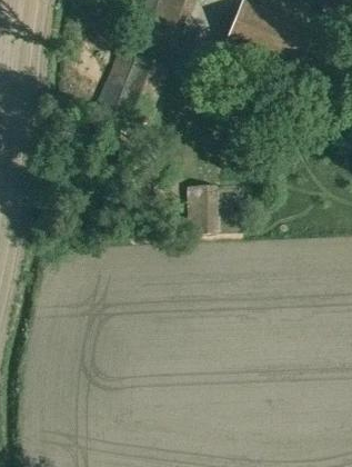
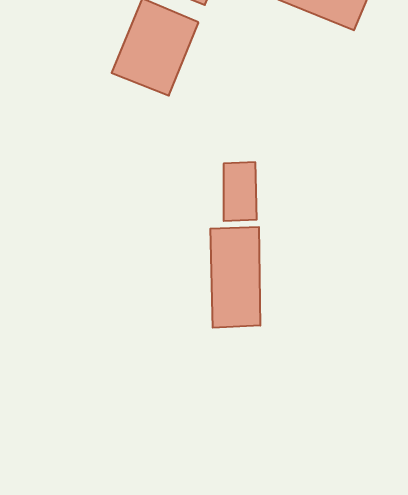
building: none -> [210,227,260,328]

